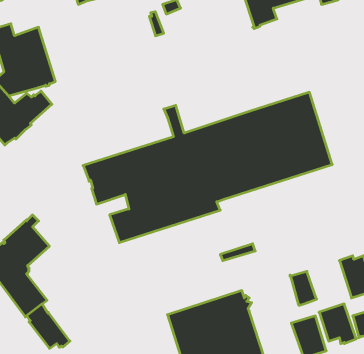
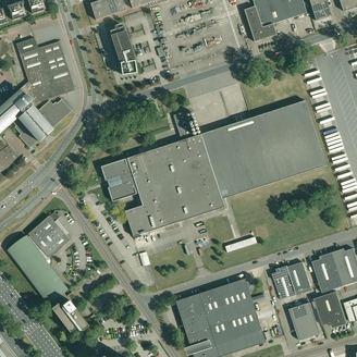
building: none -> [110,25,136,74]
building: none -> [312,251,343,292]
building: none -> [272,264,296,299]

